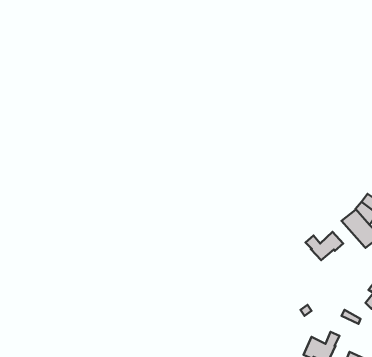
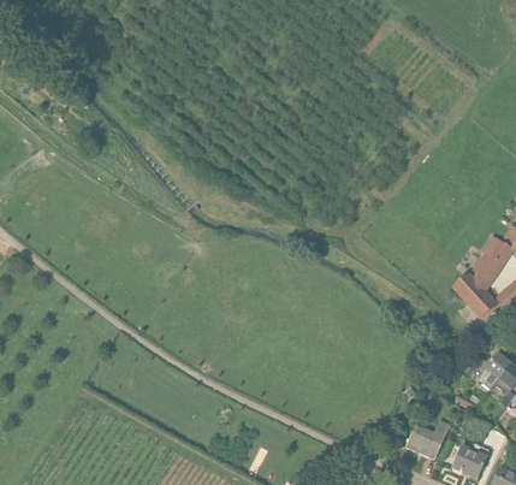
building: [306,232,343,260] -> none

